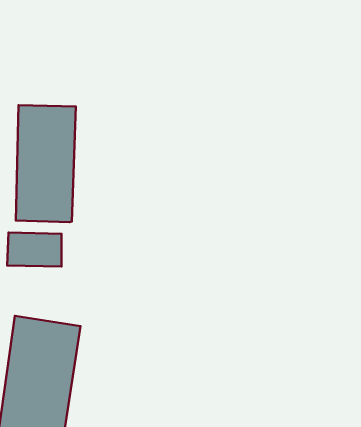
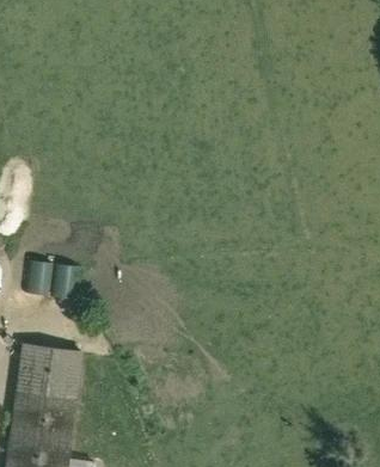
building: [16,105,76,222] -> none

